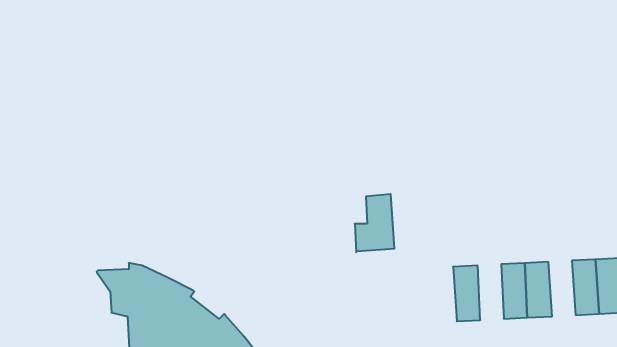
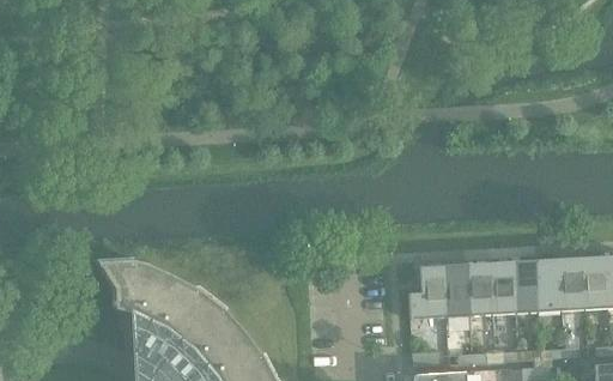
building: [355,194,394,252] -> [411,264,449,320]
building: none -> [538,258,564,312]
building: none -> [469,261,494,315]

